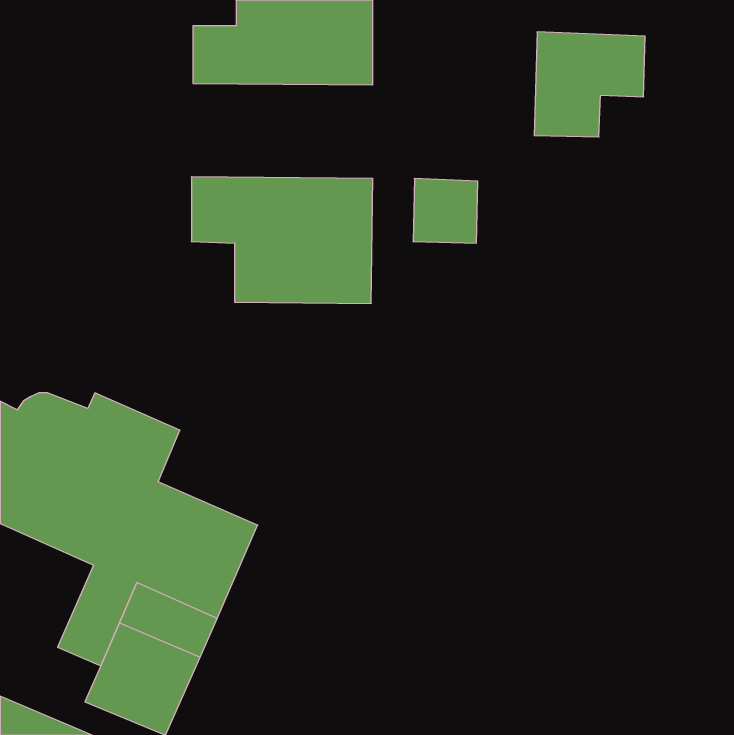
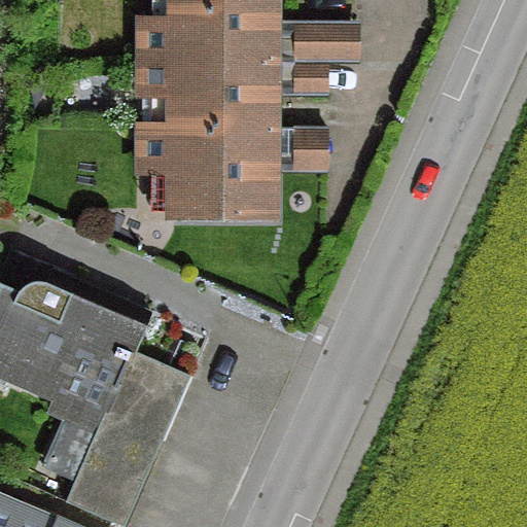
building: [534,32,645,137] -> [295,20,375,95]
building: none -> [138,60,268,128]

